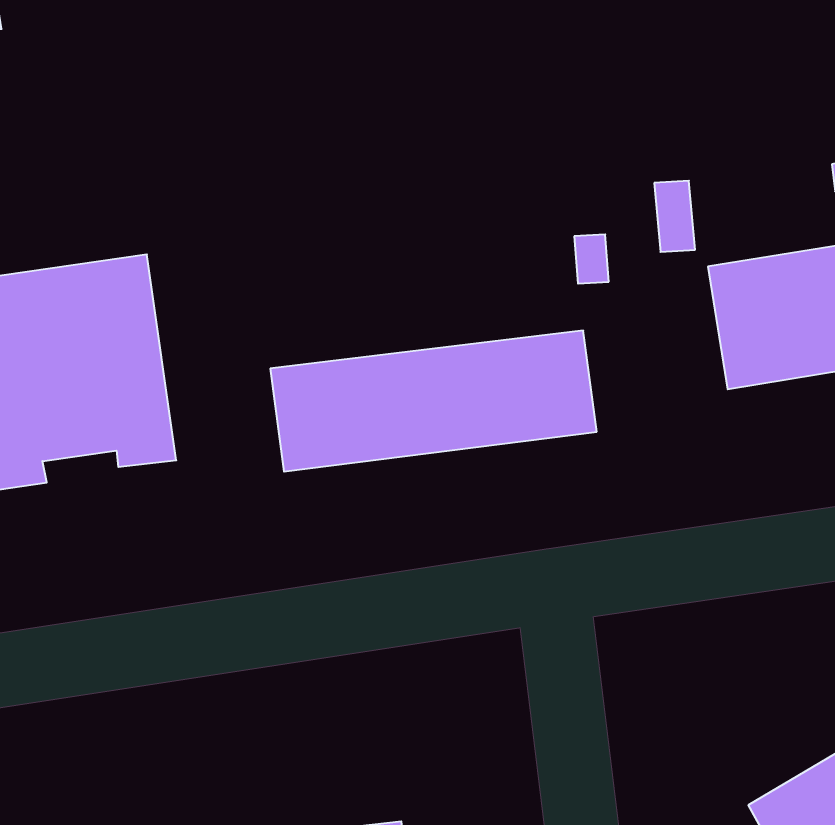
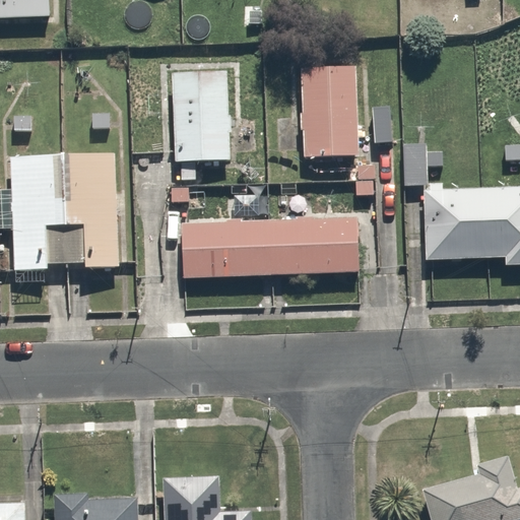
building: none -> [303,65,362,158]
building: none -> [172,82,228,165]

